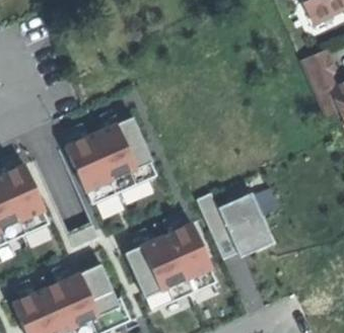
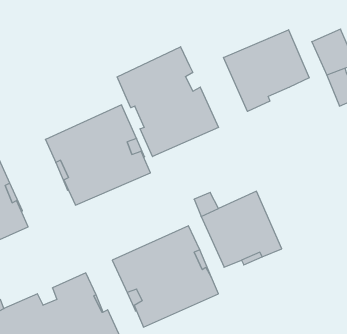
building: none -> [224,30,309,111]
building: none -> [117,47,219,157]

